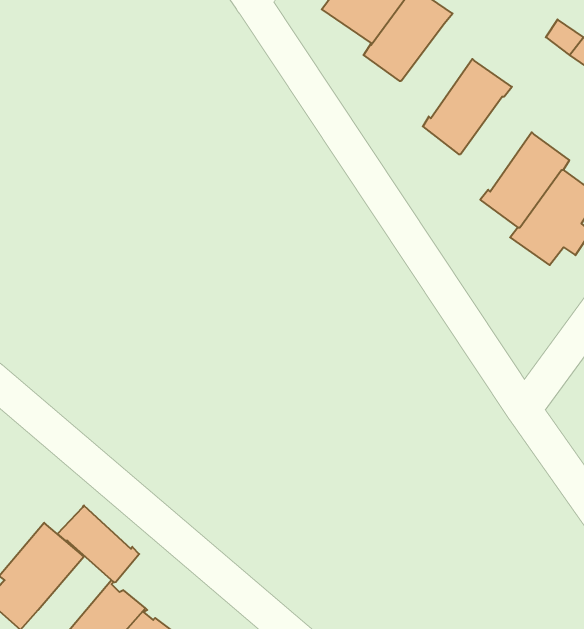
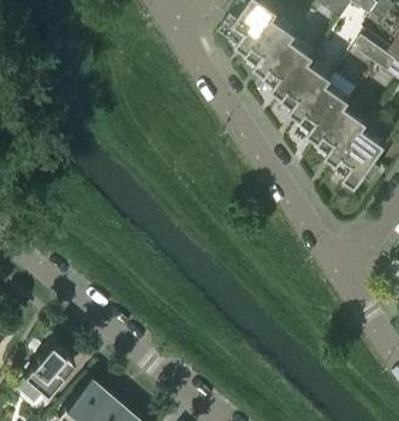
building: none -> [261,37,315,95]
building: none -> [297,82,351,140]
building: [57,505,139,582] -> none

